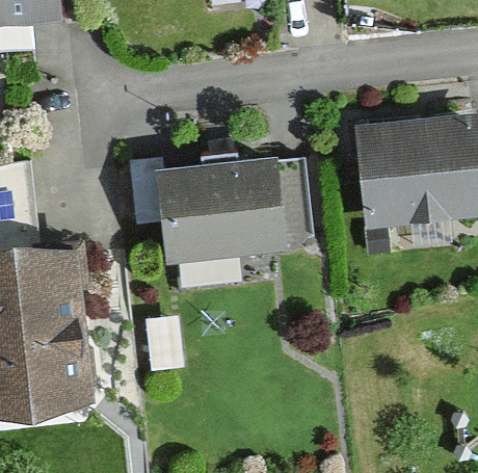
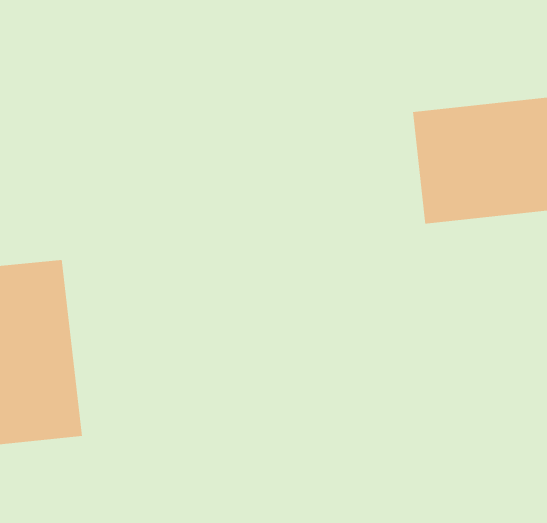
building: [164,158,280,255] -> none

